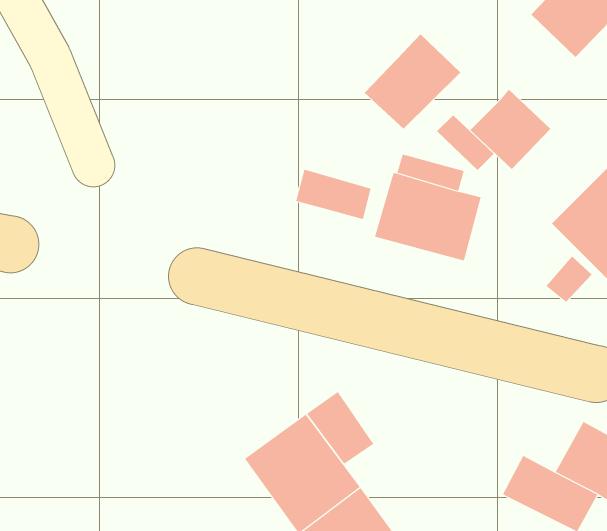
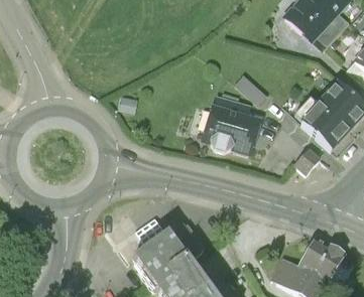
building: [364,34,461,130] -> none
building: [470,89,551,170] -> none
building: [295,169,371,220] -> none

